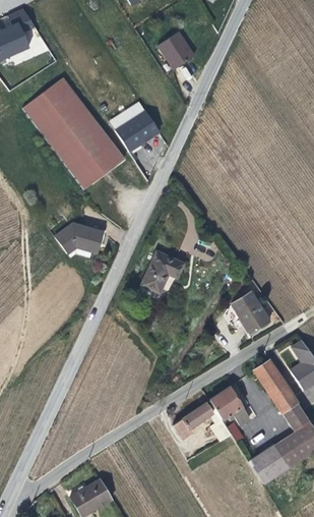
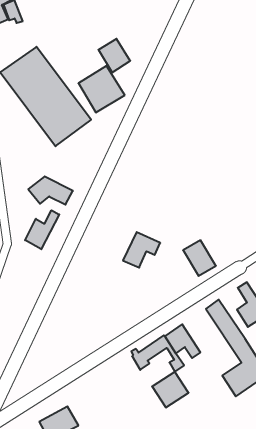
building: [161,33,196,70] -> [98,39,130,73]
building: [138,249,180,289] -> [123,232,160,268]
building: none -> [25,210,59,249]
building: [247,445,288,484] -> [152,372,189,407]

